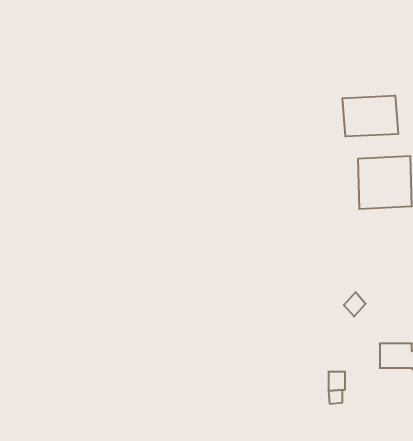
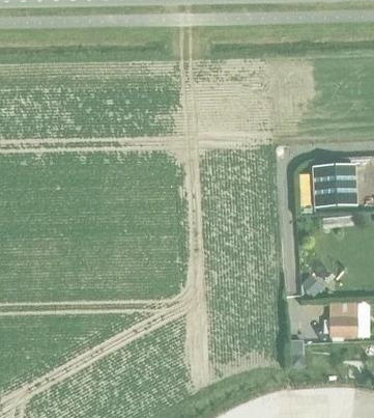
building: [343,95,398,137] -> none

